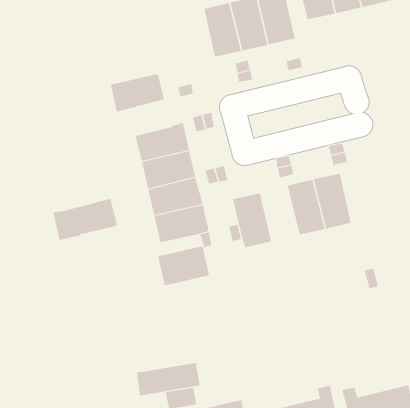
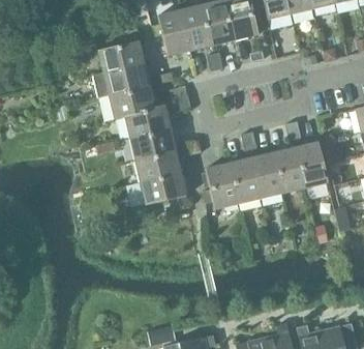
building: none -> [152,10,190,57]
building: none -> [97,29,144,74]
building: none -> [295,142,328,188]
building: none -> [229,157,261,204]
building: [53,198,117,241] -> [100,86,154,121]
building: [158,246,210,286] -> none
building: [137,362,200,397] -> none

